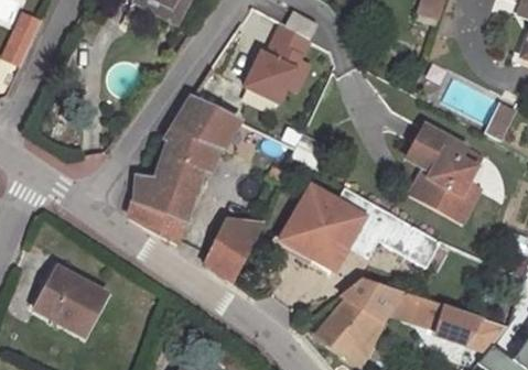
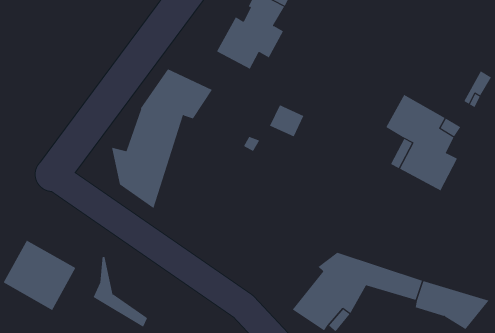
building: [127,176,181,246] -> [93,257,148,328]
building: [280,186,440,266] -> none
building: [209,219,259,274] -> none

